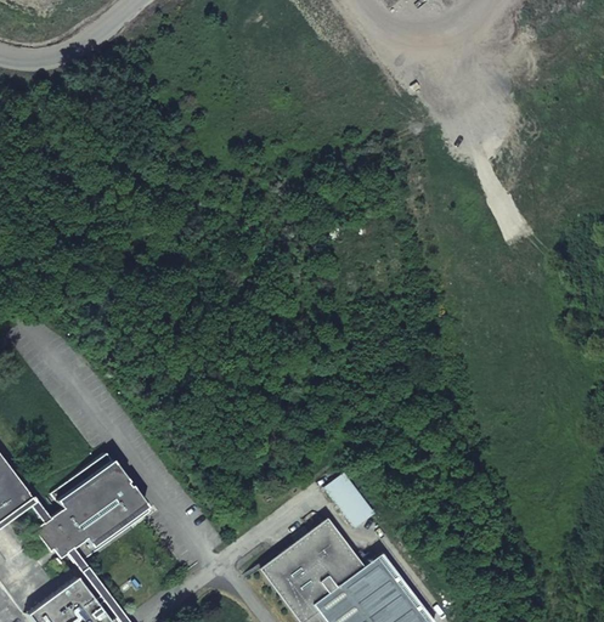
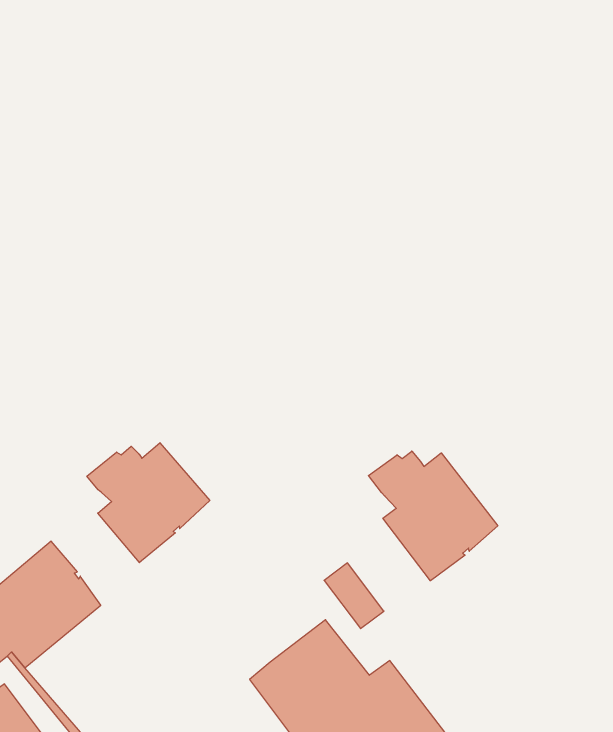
building: none -> [87,443,210,563]
building: none -> [368,451,498,581]

